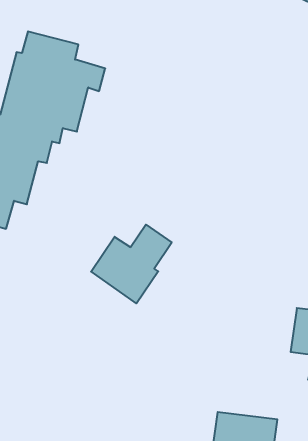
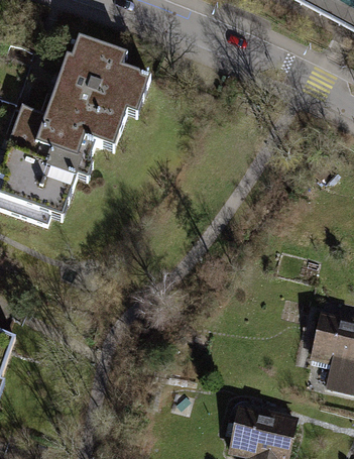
building: [91,225,172,303] -> none

